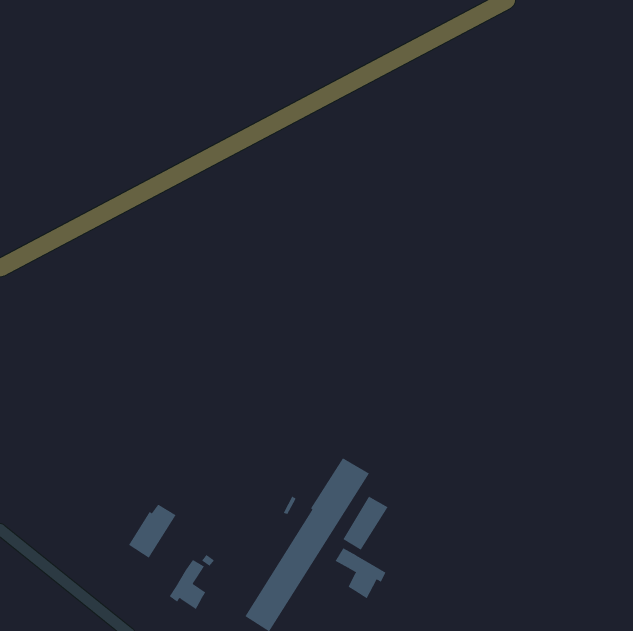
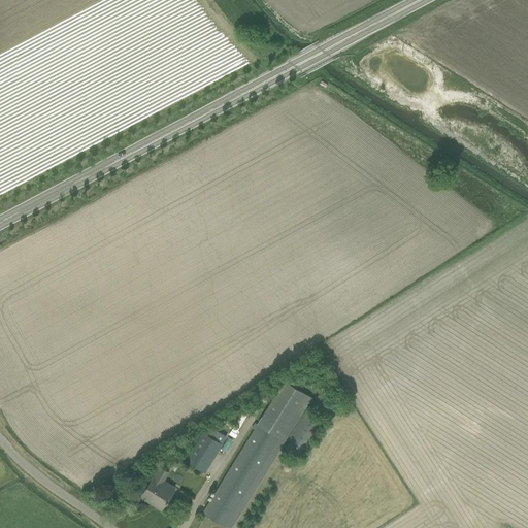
building: [128,504,176,558] -> [188,429,228,474]
building: [335,548,386,599] -> none

